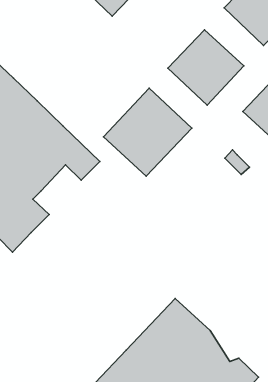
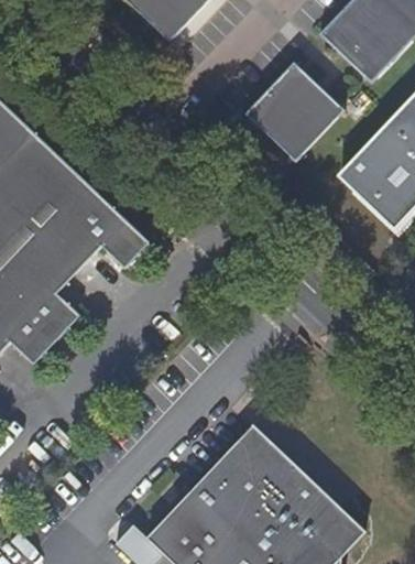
building: [103,88,192,176] -> none

